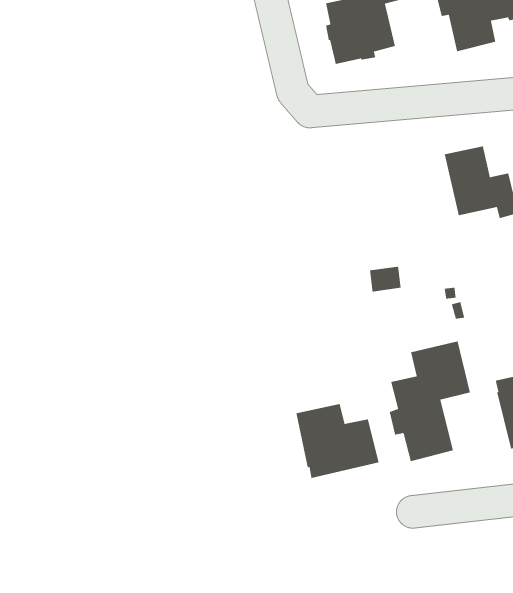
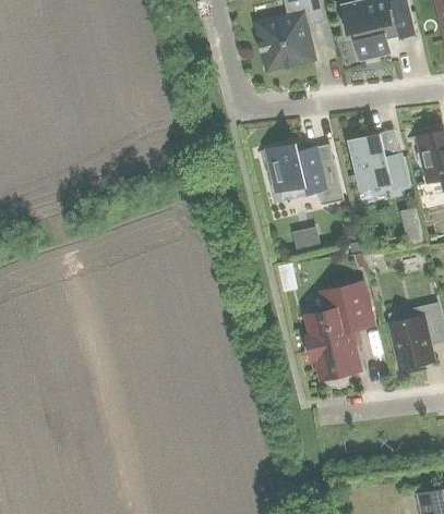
building: none -> [257,143,345,206]
building: [296,403,379,479] -> none

